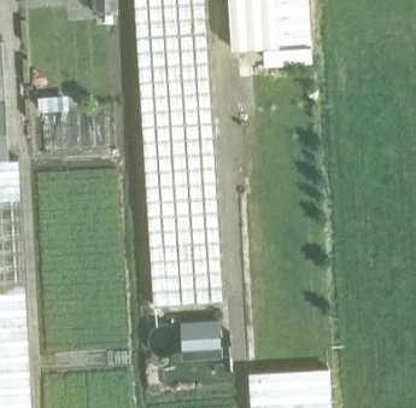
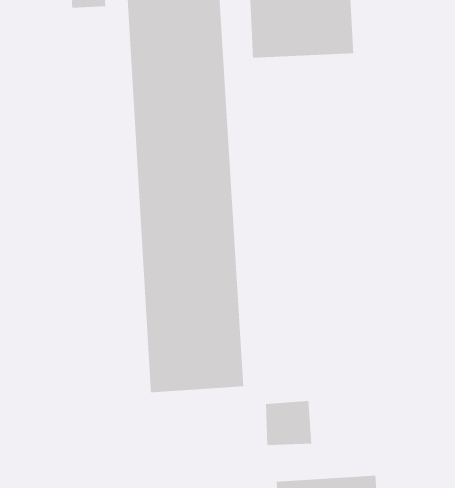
building: [180,322,216,357] -> [265,400,312,446]

